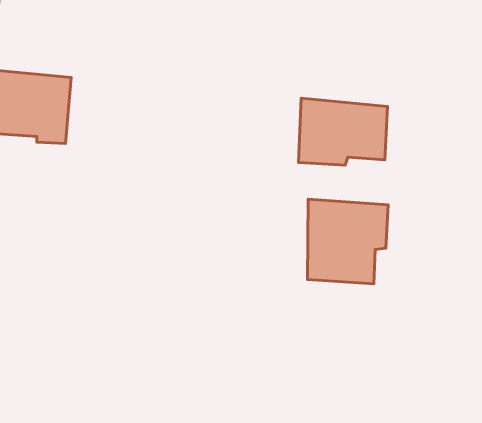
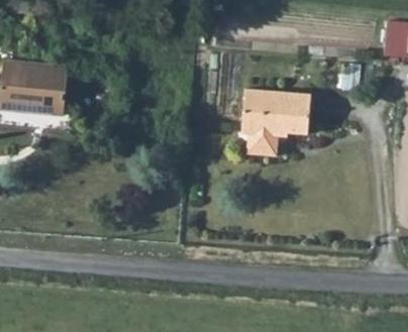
building: [307,199,388,284] -> none

